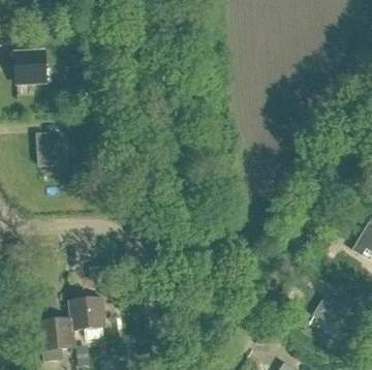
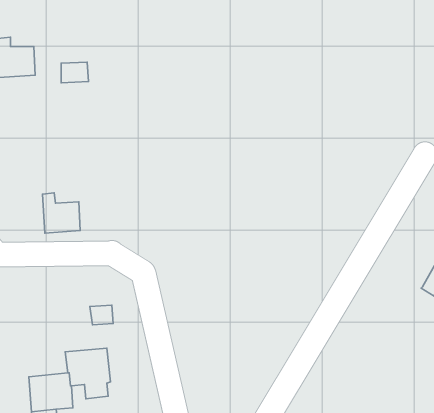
building: [36,132,66,164] -> [42,193,80,233]
building: [312,287,351,336] -> none

